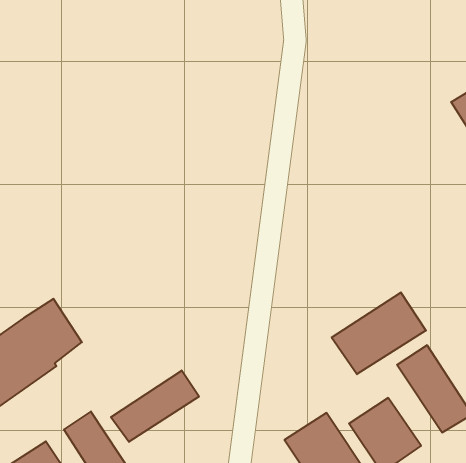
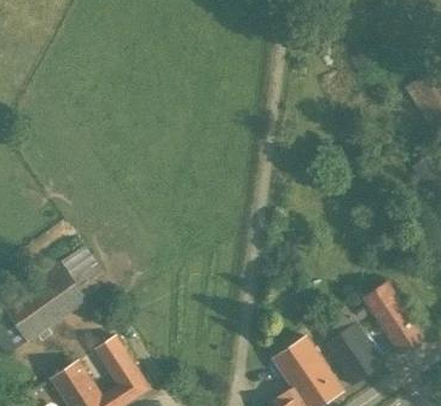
building: [332,292,426,374] -> none
building: [111,370,199,442] -> none

